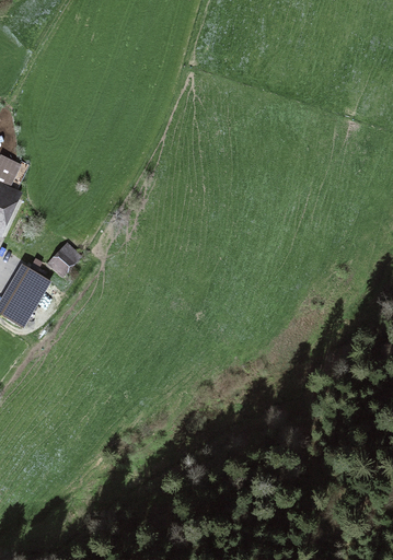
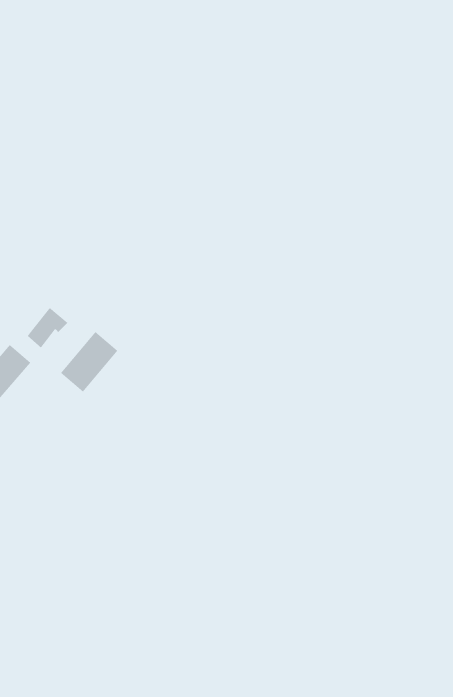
building: none -> [60,331,118,392]

